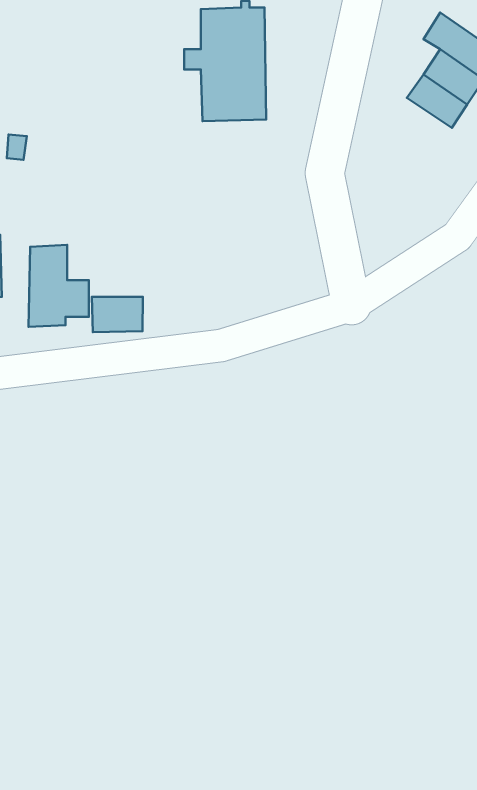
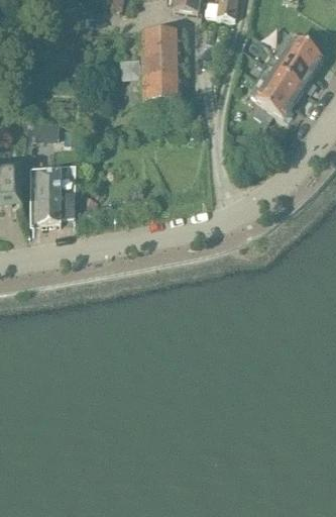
building: none -> [255,81,293,114]
building: [92,297,143,332] -> none

